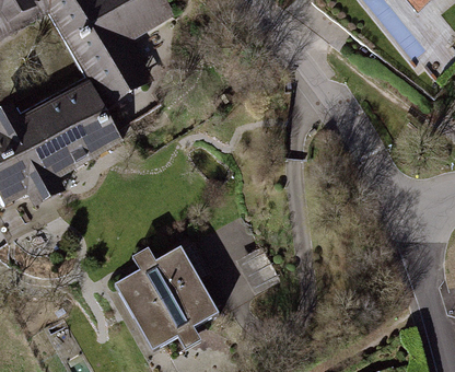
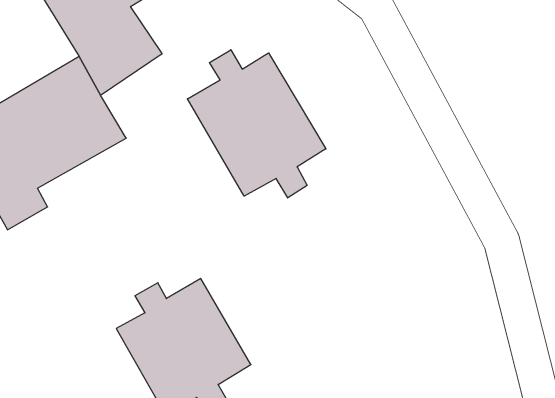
building: none -> [187,50,326,198]

